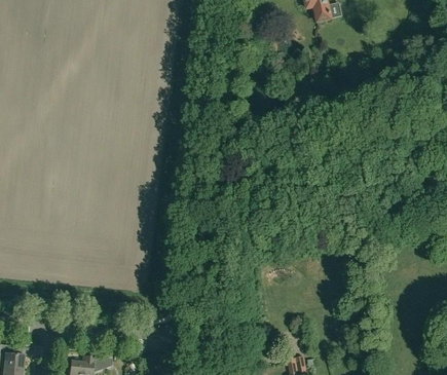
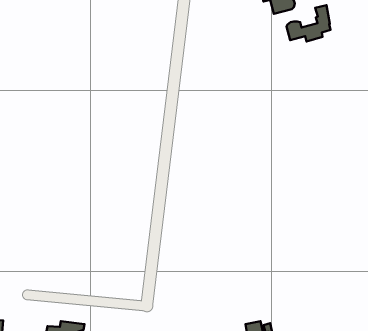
building: none -> [286,5,331,41]

